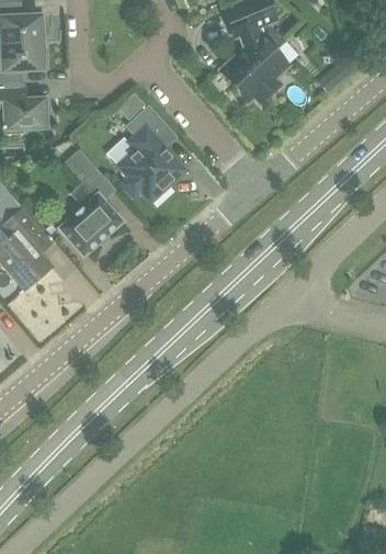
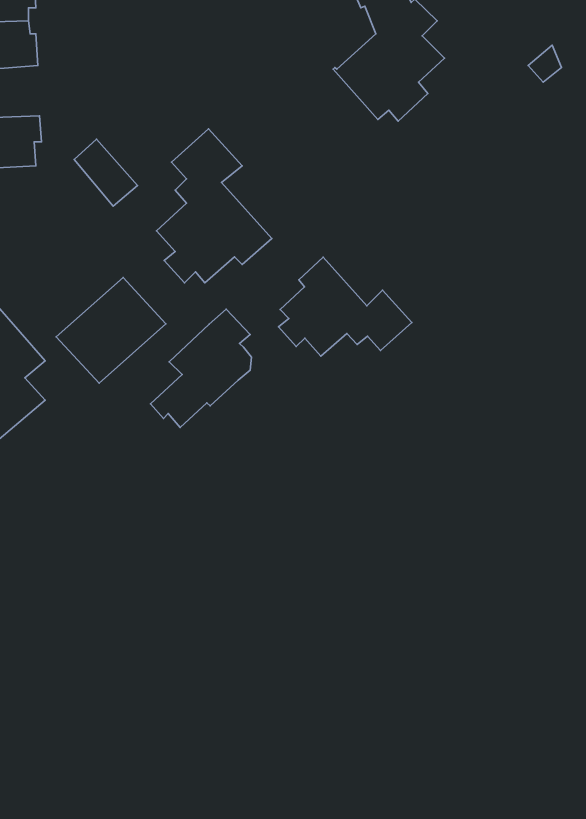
building: [66,149,103,189] -> [74,139,137,206]
building: none -> [279,257,412,356]
building: none -> [150,309,251,427]

